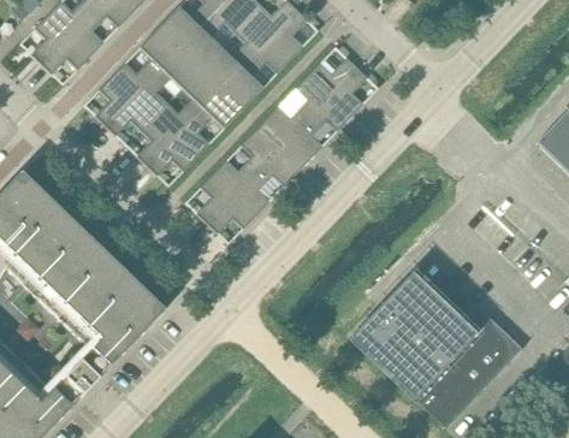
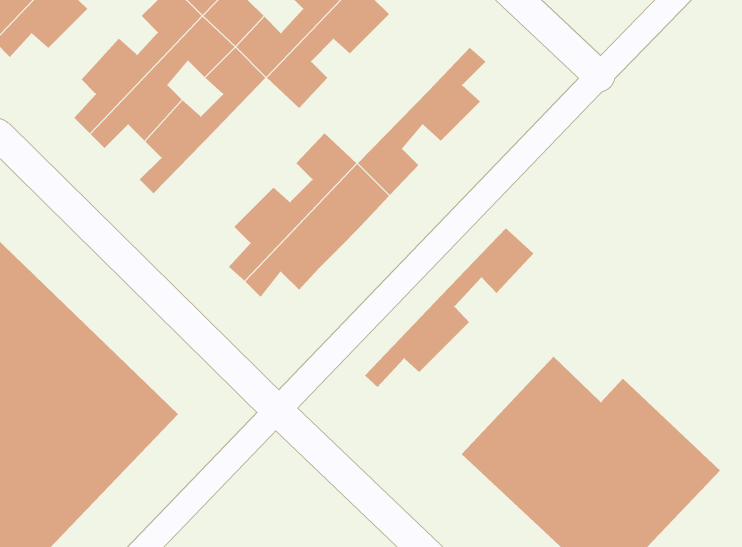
building: [261,55,357,143] -> none
building: [148,87,245,174] -> none
building: none -> [364,227,534,388]

